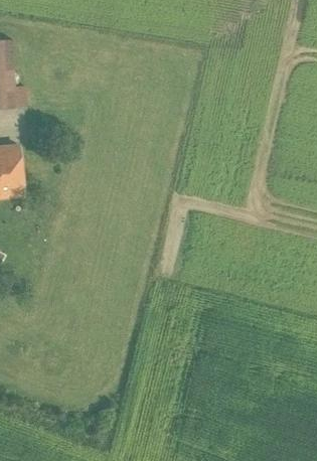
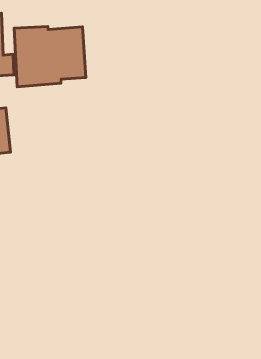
building: none -> [14,27,86,87]

